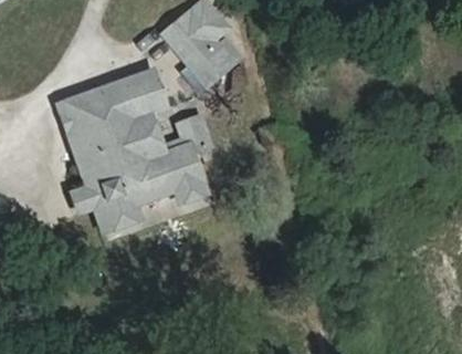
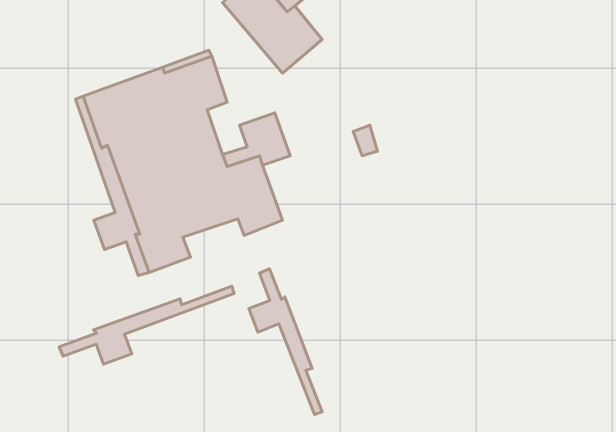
building: none -> [249,269,322,415]
building: none -> [59,286,234,364]

